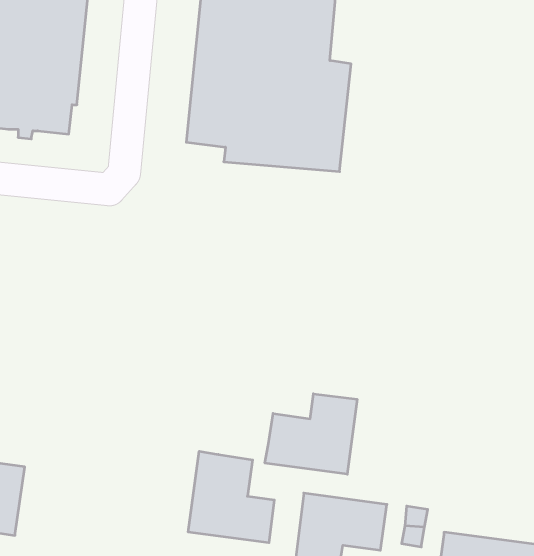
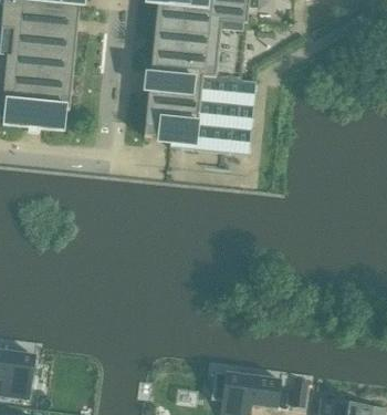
building: [265,394,357,474] -> none
building: [188,451,274,543] -> none

